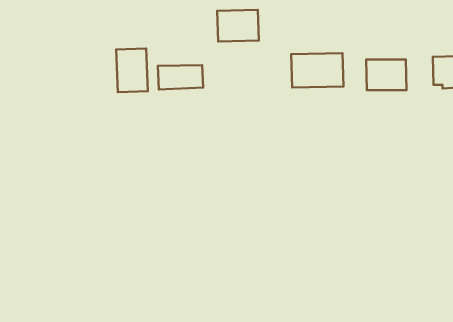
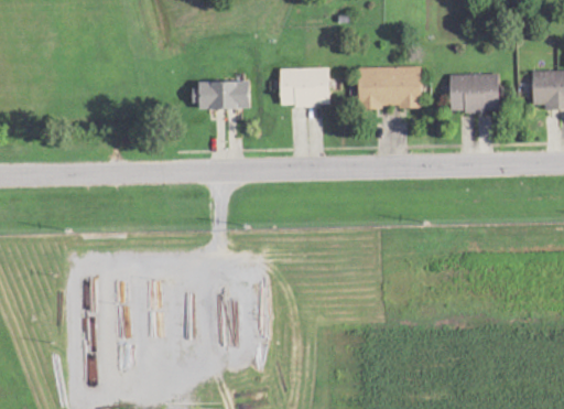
building: [217,10,259,41] -> [280,67,330,106]
building: [116,49,148,92] -> none

